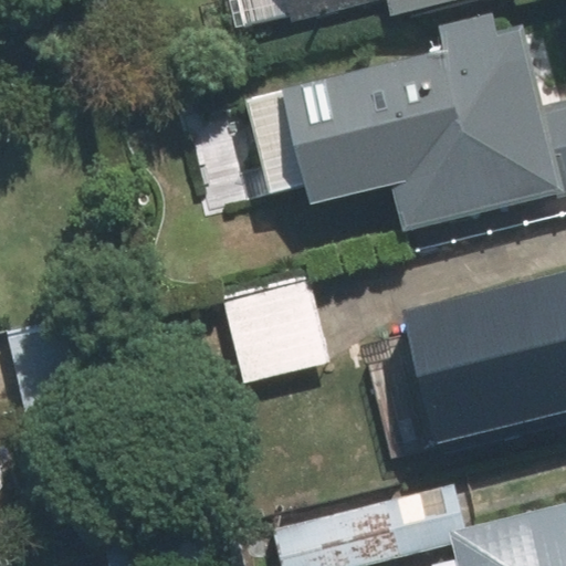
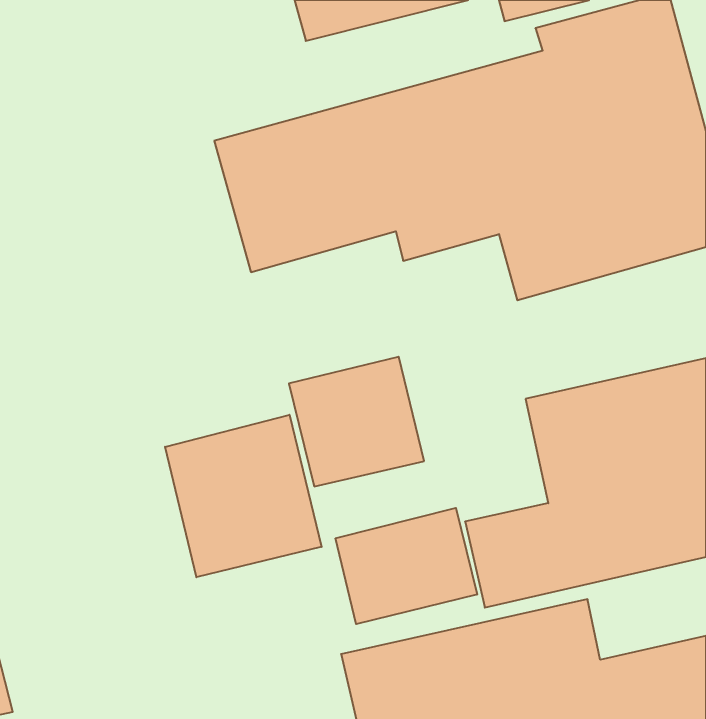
building: none -> [165,415,322,577]
building: none -> [336,508,477,624]

